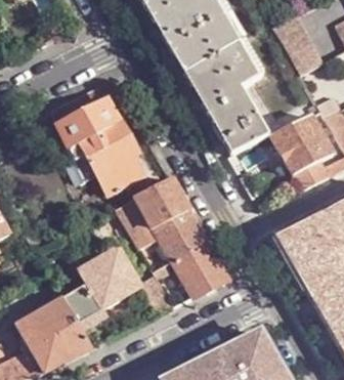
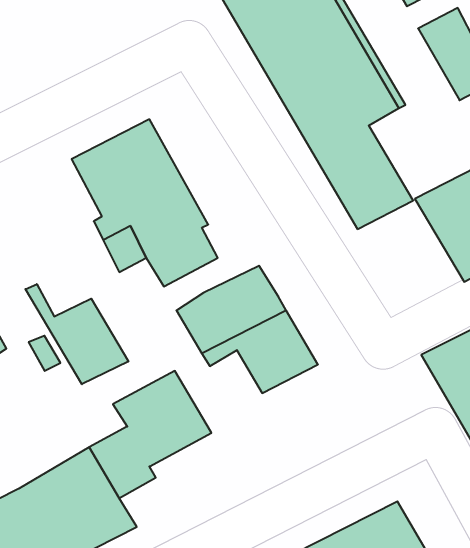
building: none -> [25,284,128,384]
building: [173,242,229,296] -> none

